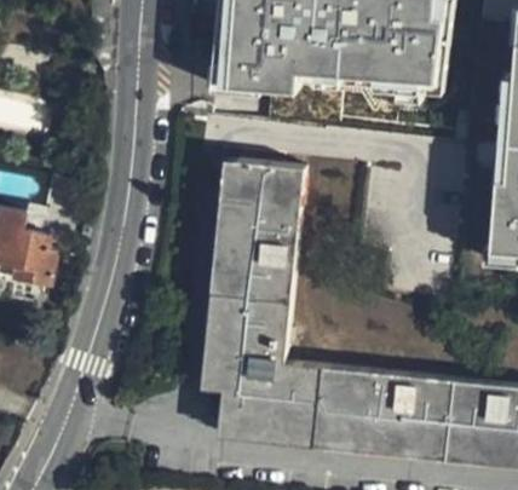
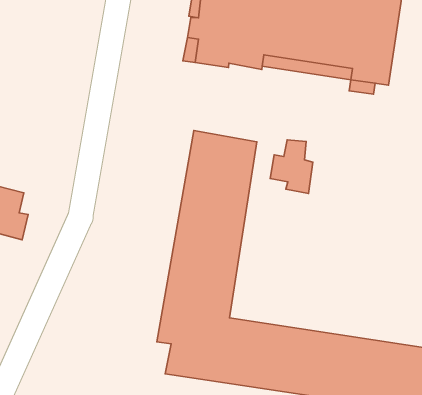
building: none -> [270,140,313,193]

